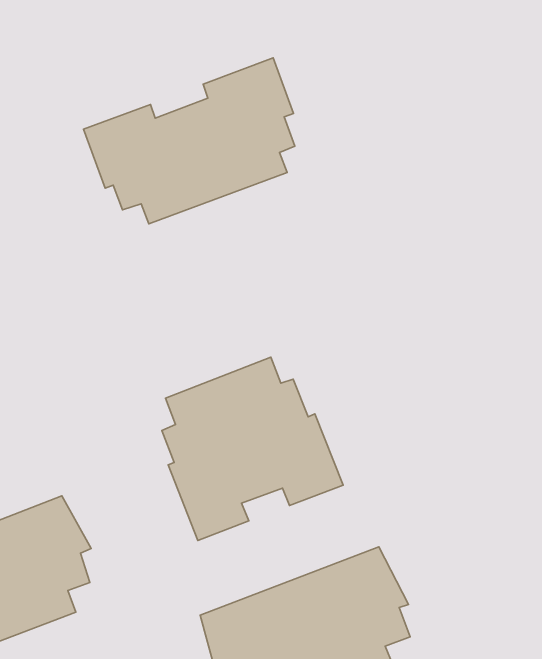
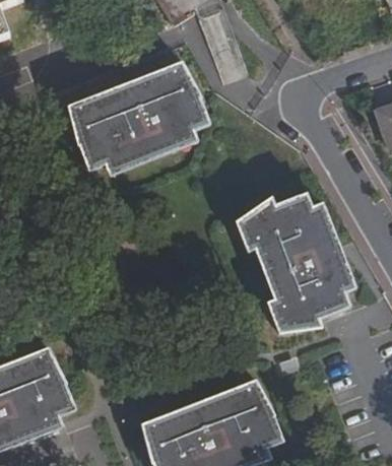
building: none -> [237,194,348,332]
building: [162,357,343,541] -> none

